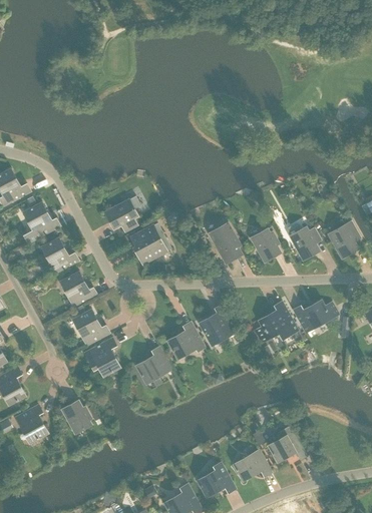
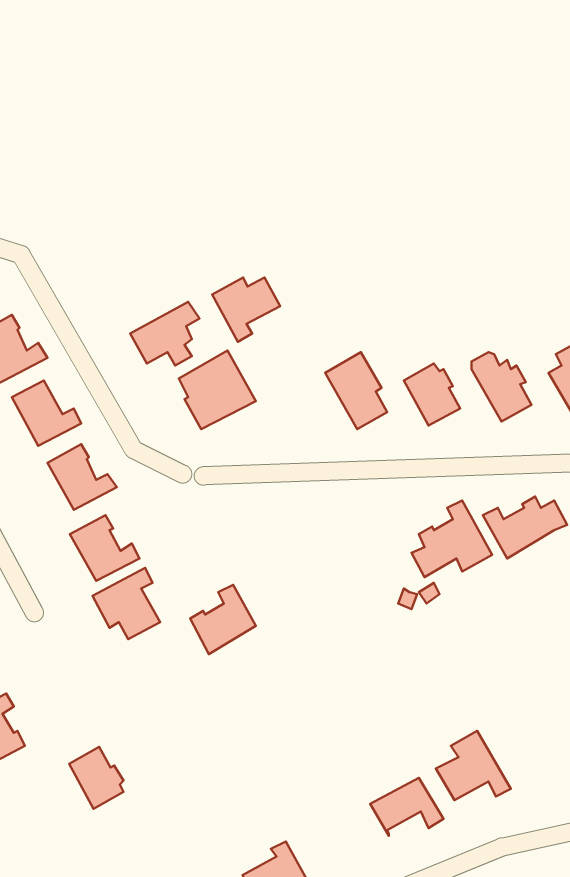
building: none -> [212,278,280,342]
building: [199,304,237,346] -> none
building: [167,322,205,359] -> none
building: [62,400,91,433] -> [69,747,124,809]
building: [197,461,236,497] -> none

